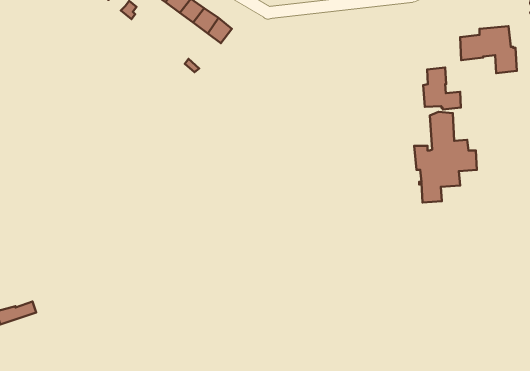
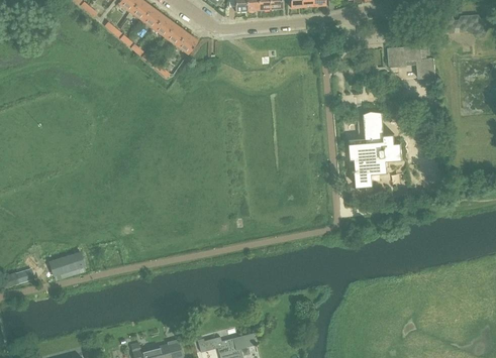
building: [423,68,461,109] -> none
building: none -> [48,251,86,280]

